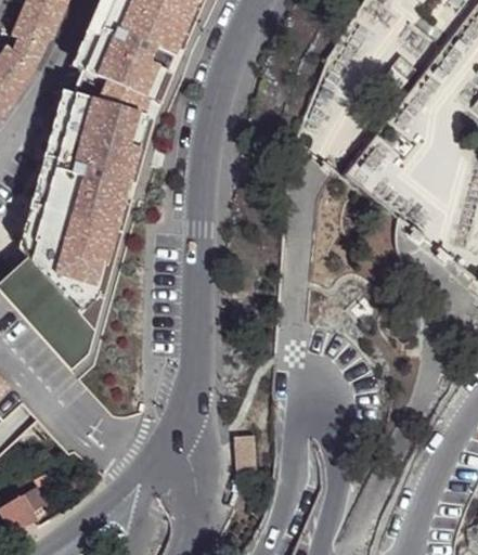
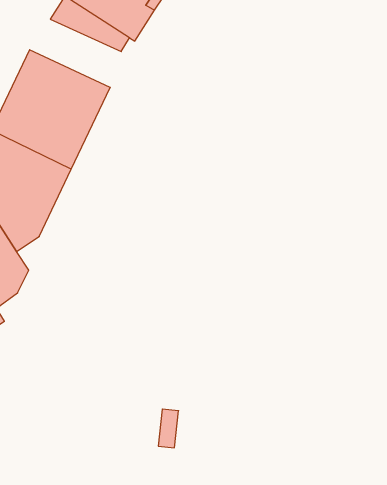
building: [59,93,148,147] -> none

